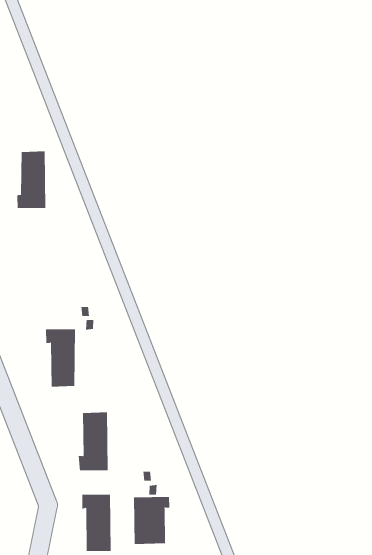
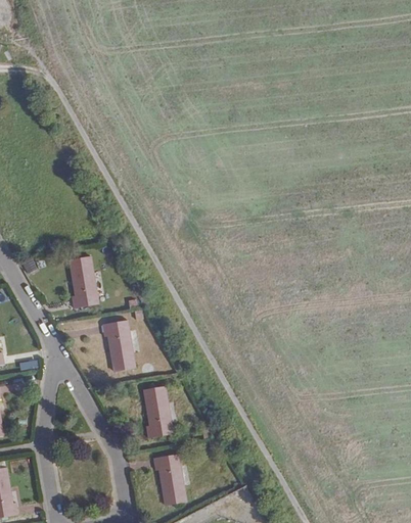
building: [16,151,46,209] -> [70,255,98,307]
building: [133,496,170,545] -> none

